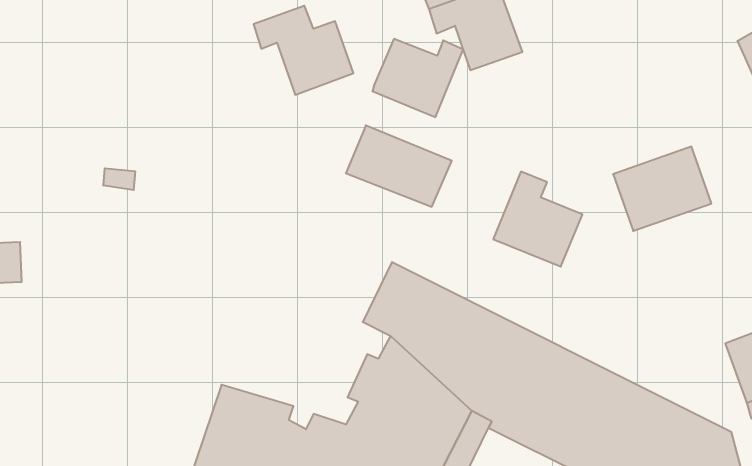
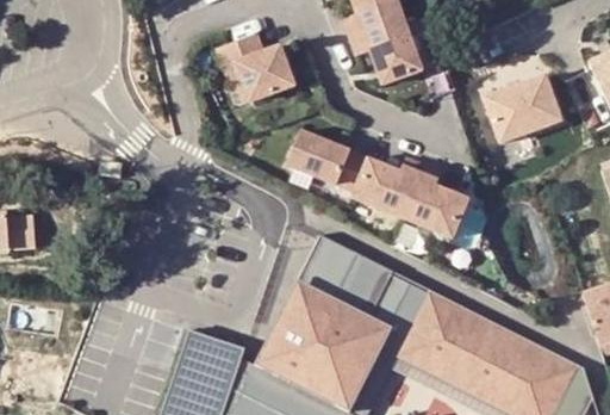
building: [372,39,463,117] -> [351,156,422,217]
building: [613,147,711,231] -> [485,76,561,142]
building: none -> [261,281,320,361]

